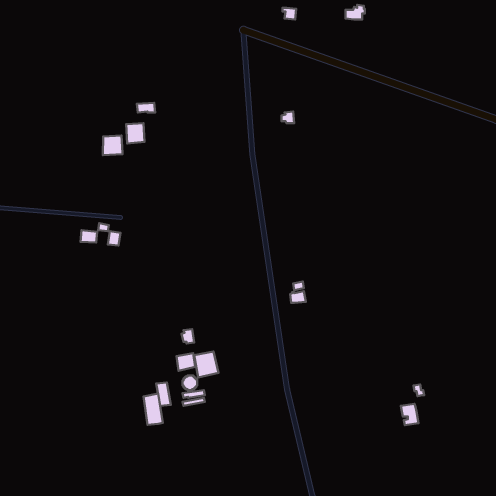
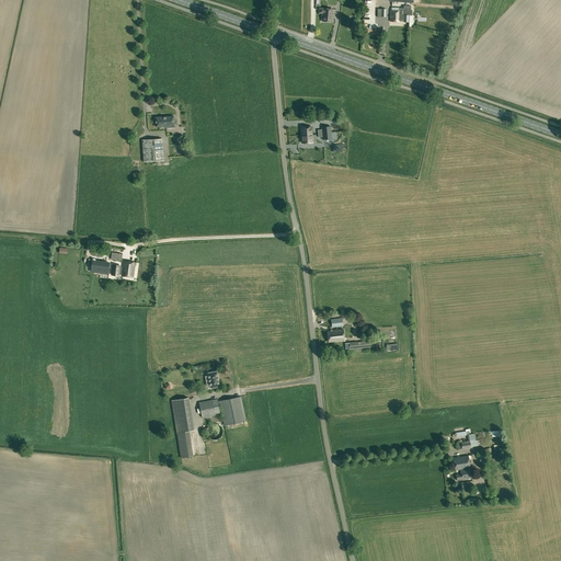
building: [103,136,123,155] -> none
building: [143,394,163,425] -> [172,398,194,433]

